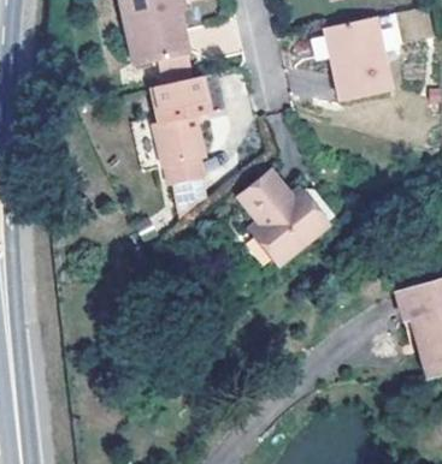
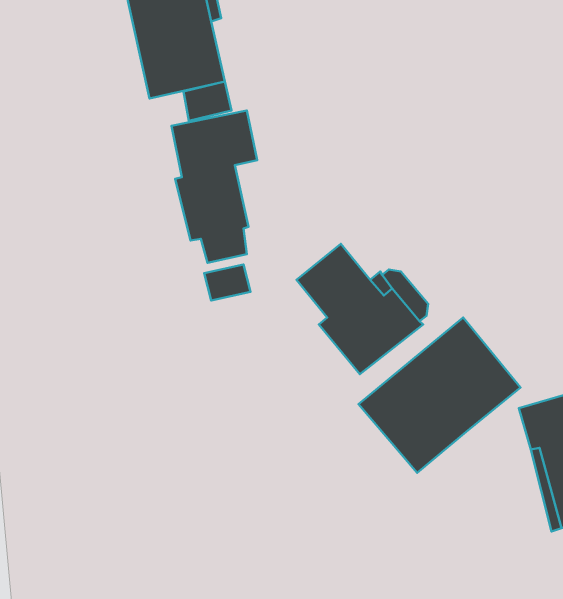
building: [325,16,393,100] -> none
building: none -> [359,317,520,473]

